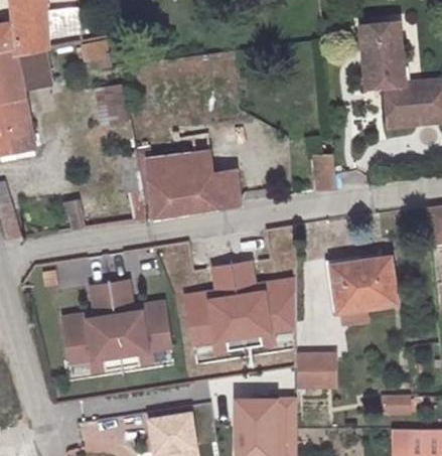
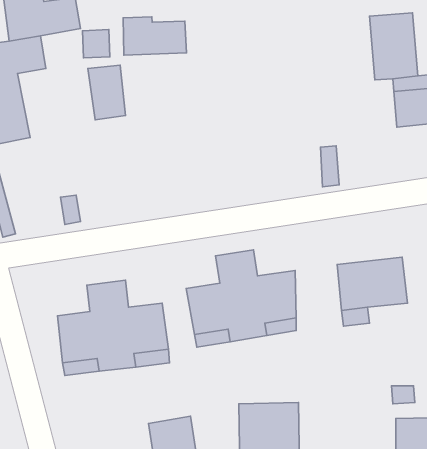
building: none -> [123,17,186,55]
building: [137,132,241,216] -> none
building: [300,353,331,384] -> none

